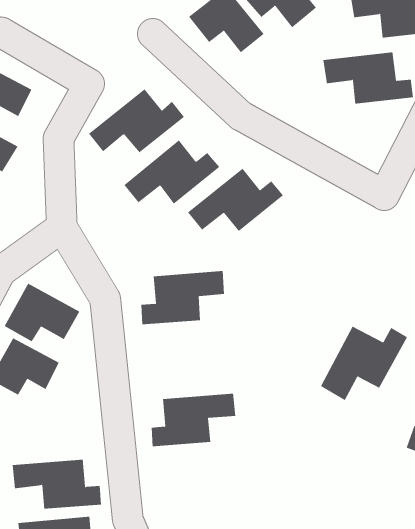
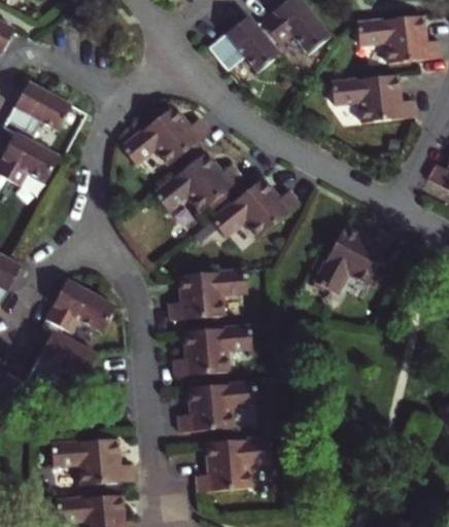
building: [320,326,408,401] -> [312,225,391,293]
building: none -> [173,326,251,376]
building: none -> [196,436,272,491]

